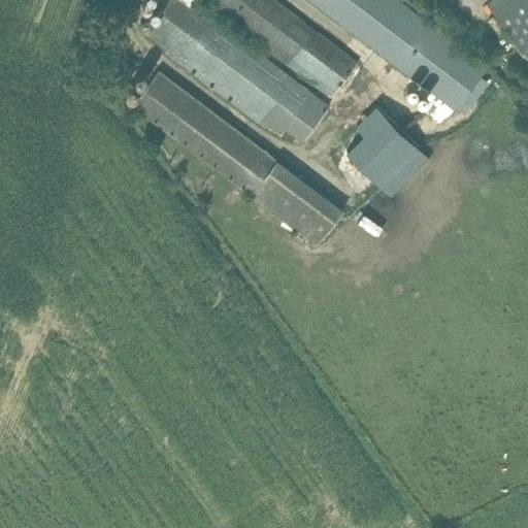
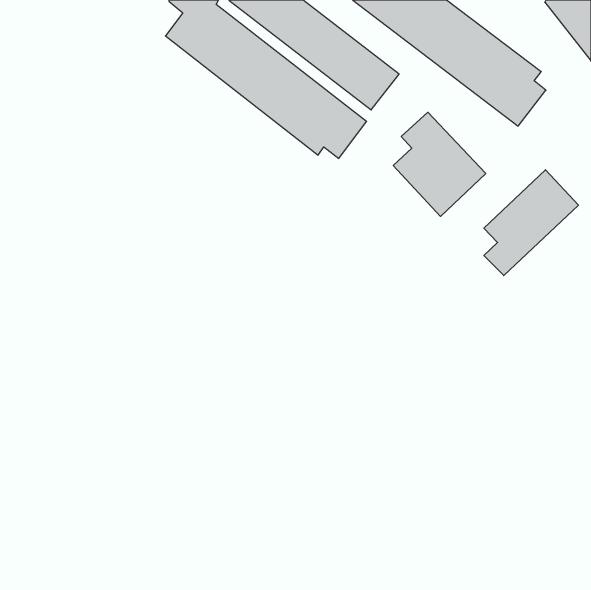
building: [132,70,342,245] -> none
building: none -> [484,170,578,276]

